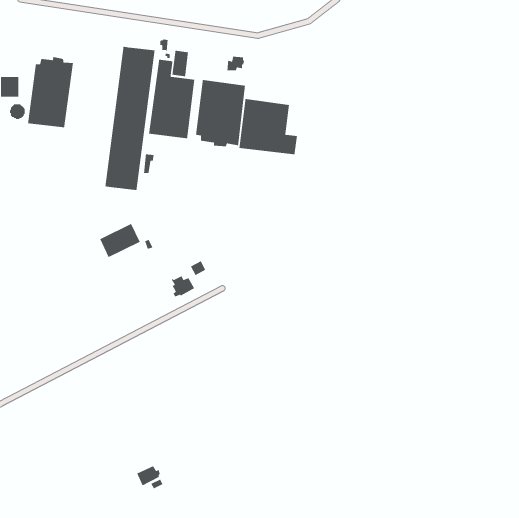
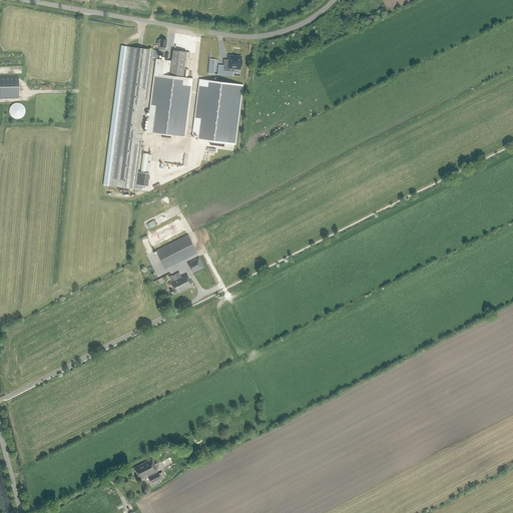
building: [27,56,74,128] -> none
building: [238,98,298,155] -> none
building: [99,223,141,258] -> [155,233,196,269]

